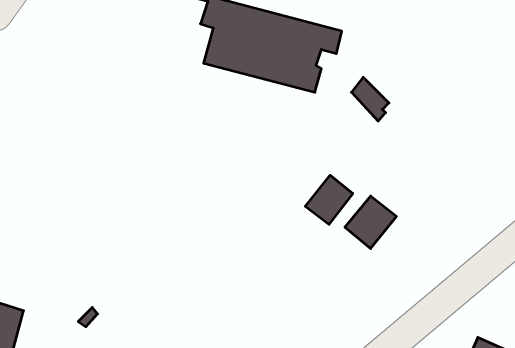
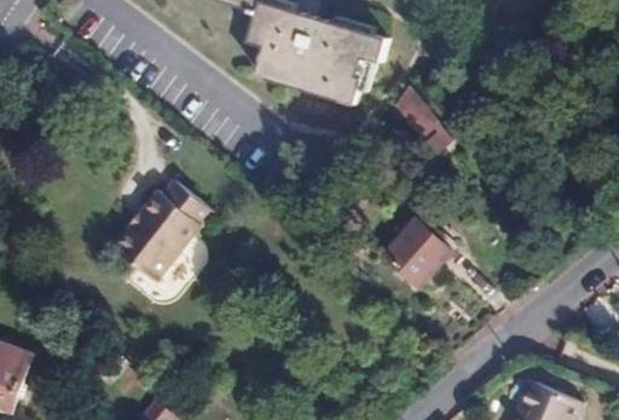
building: none -> [120,188,218,288]
building: [305,175,353,224] -> none

